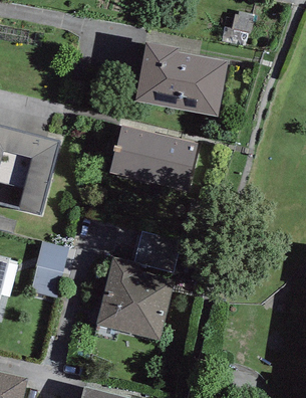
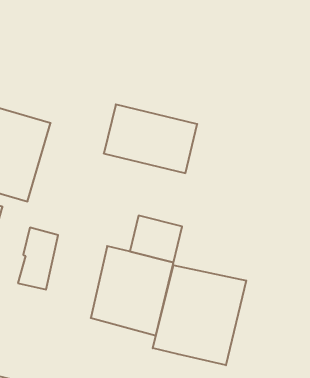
building: [135,42,228,113] -> none
building: none -> [153,265,246,365]

